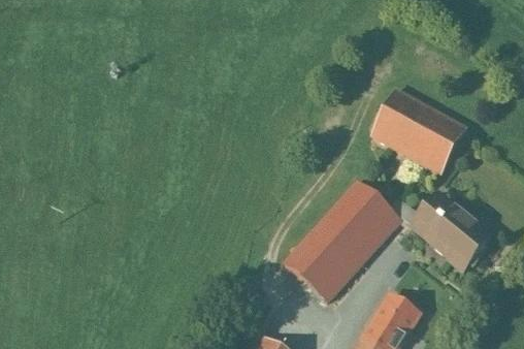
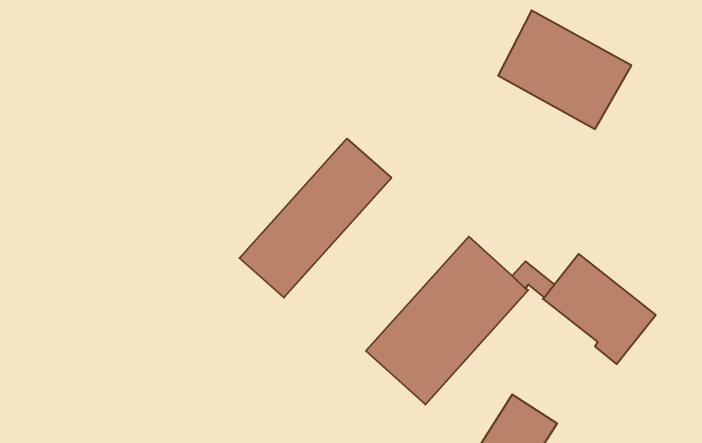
building: [371,88,466,172] -> [498,10,631,129]
building: none -> [239,139,391,298]

